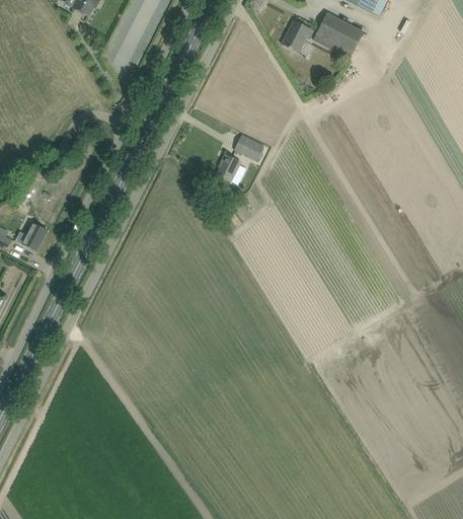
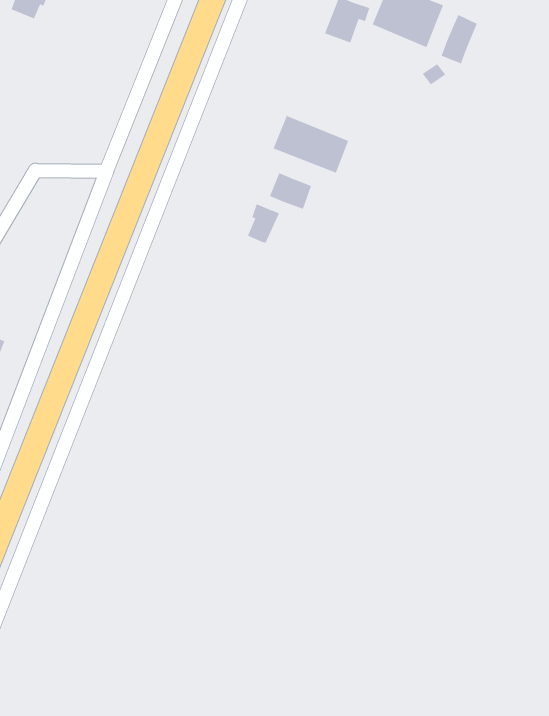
building: none -> [441,14,477,64]
building: none -> [273,115,349,174]

